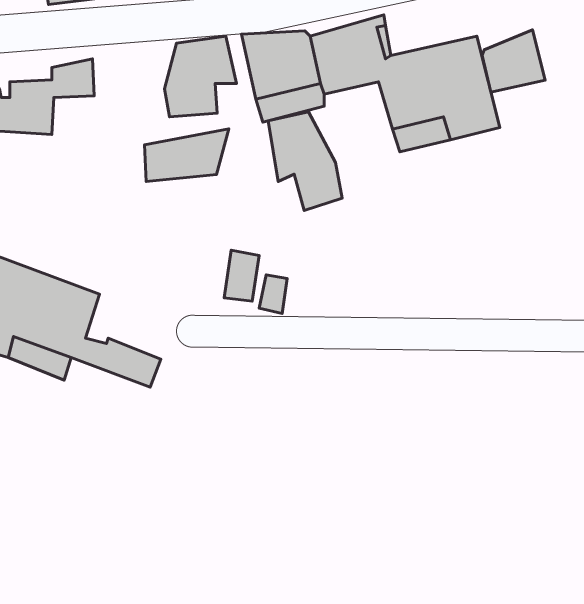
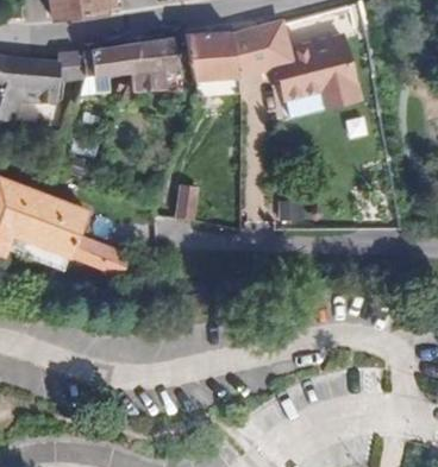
building: [482,30,545,92] -> none
building: [268,112,342,211] -> none
building: [144,129,229,182] -> [83,40,140,76]

